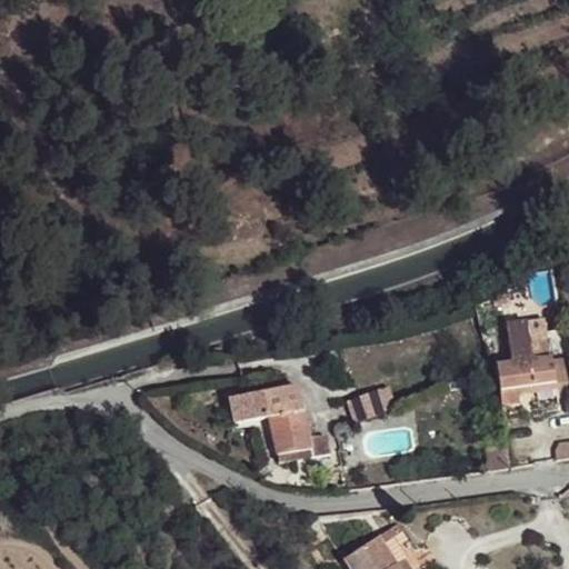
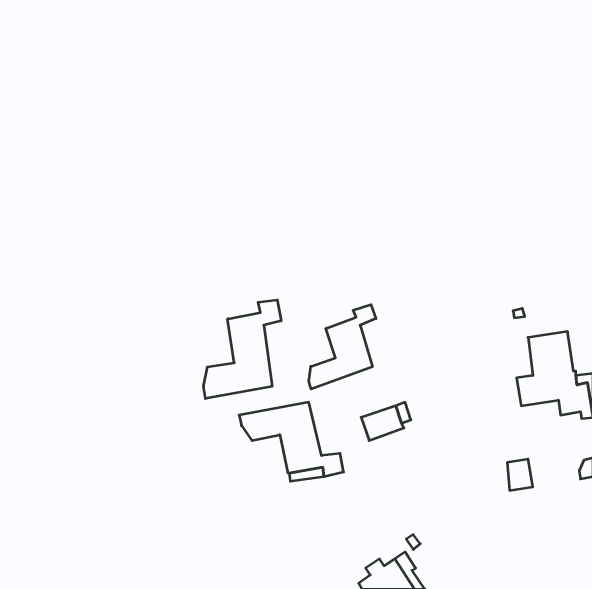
building: none -> [204,300,281,399]
building: none -> [309,305,376,389]

